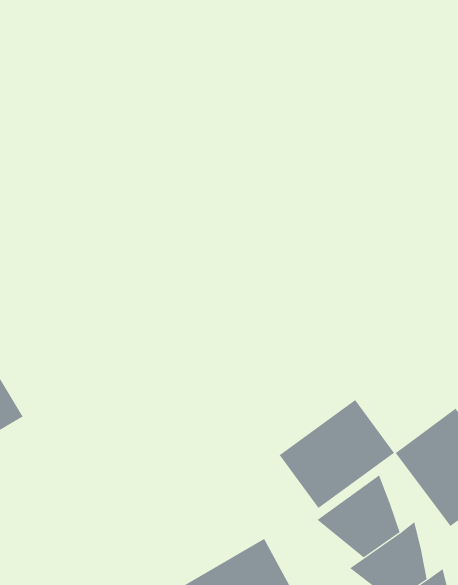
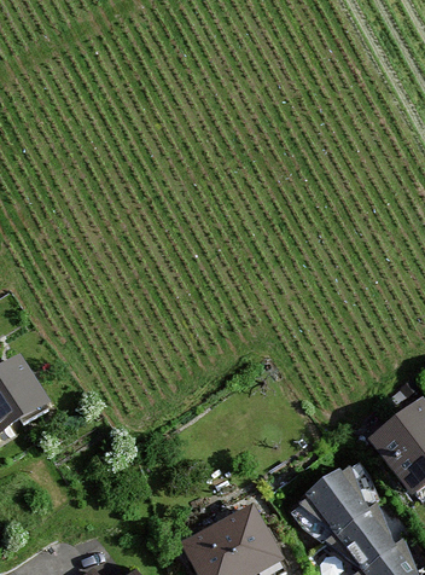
building: [279,399,395,509] -> none

